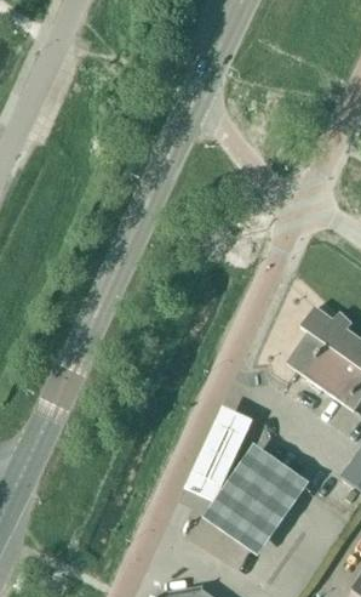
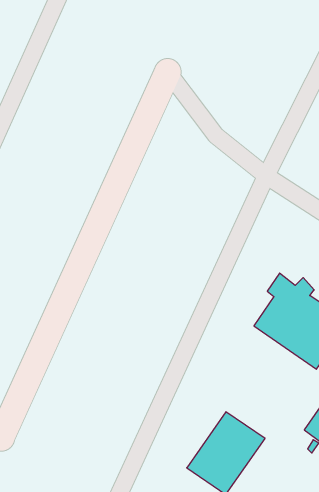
building: [184,403,252,500] -> none

